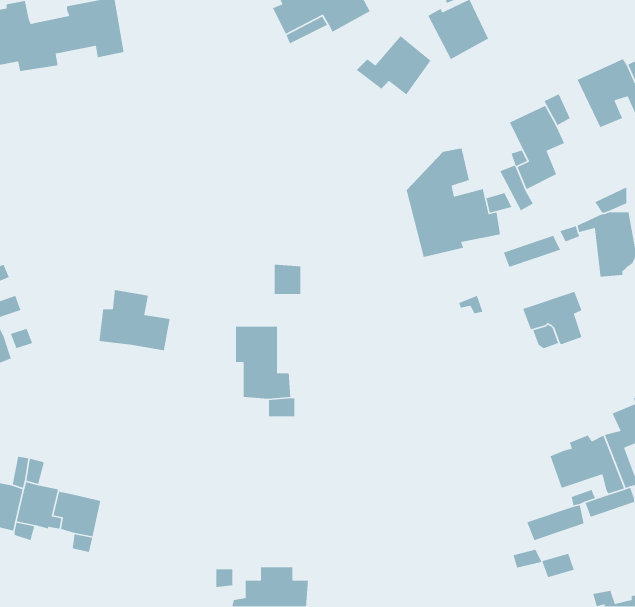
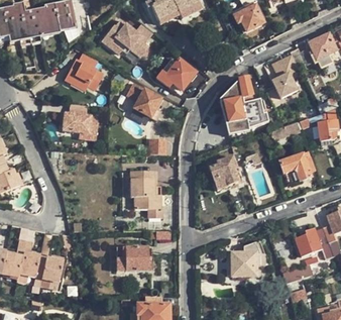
building: none -> [103,17,152,55]
building: [356,35,432,95] -> [155,59,195,90]
building: none -> [67,58,104,90]
building: none -> [127,86,160,120]
building: [99,289,170,351] -> [61,102,98,134]
building: none -> [208,154,241,191]
building: none -> [227,240,265,277]
building: none -> [117,246,150,271]

